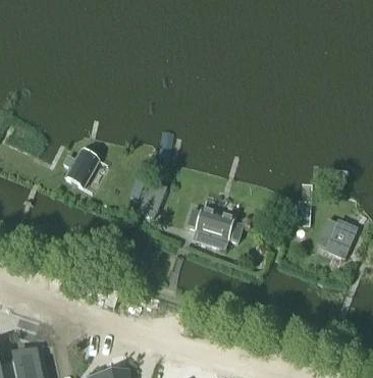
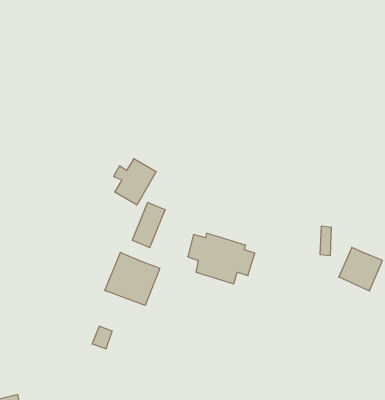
building: [63,147,100,186] -> [114,159,156,205]
building: none -> [105,252,160,305]

